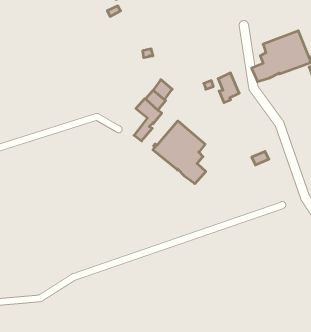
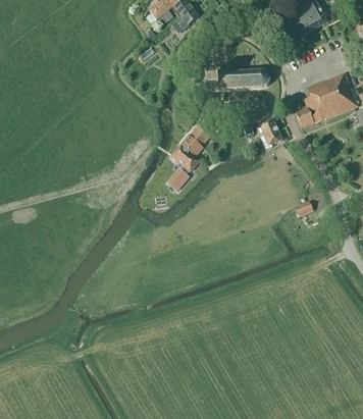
building: none -> [206,69,269,90]
building: [153,121,206,184] -> none

